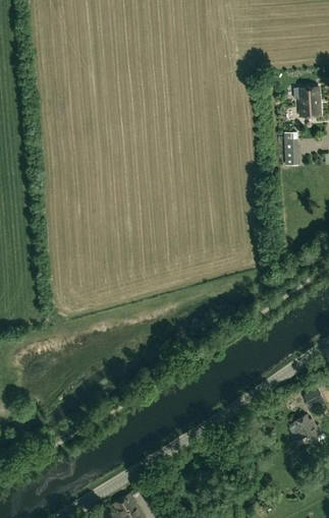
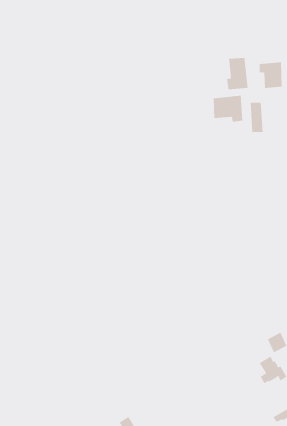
building: none -> [226,57,248,90]
building: none -> [213,95,243,123]

